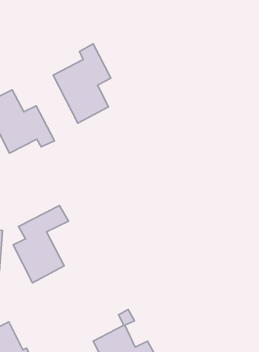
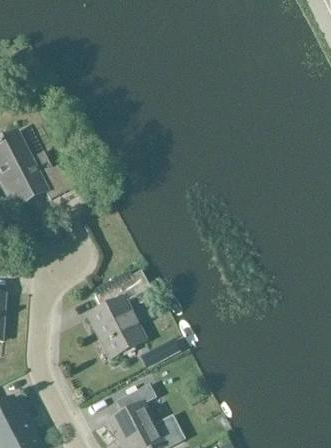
building: [53,44,111,123] -> none
building: [13,205,68,283] -> [88,268,151,356]

